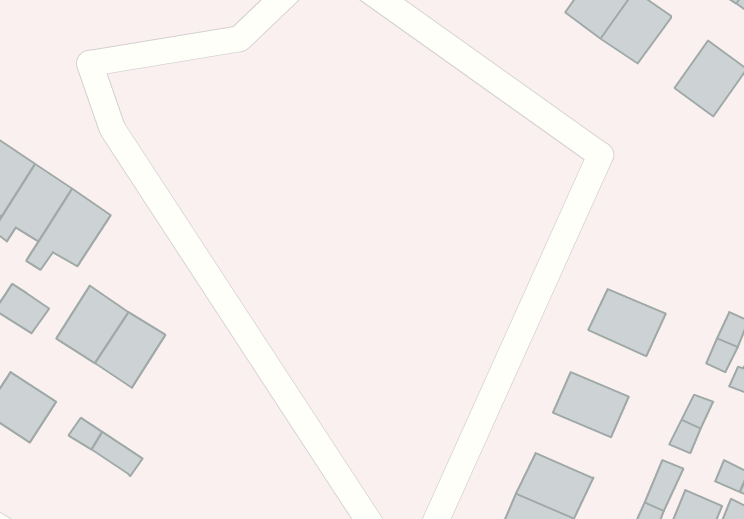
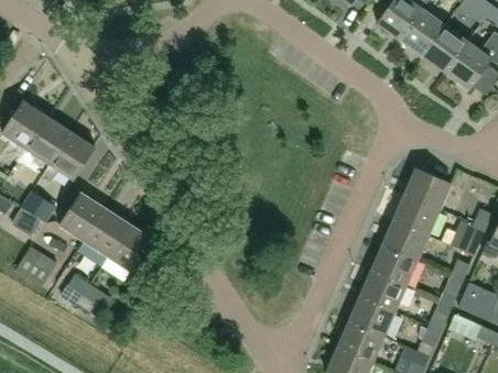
building: none -> [423,23,467,68]
building: none -> [404,168,452,209]
building: none -> [381,219,429,261]
building: none -> [107,222,153,271]
building: none -> [359,271,407,311]

